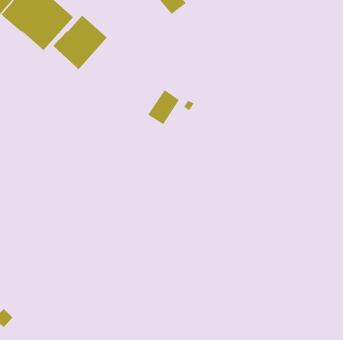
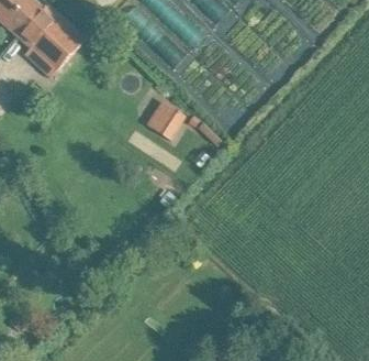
building: [53,15,108,70] -> none

